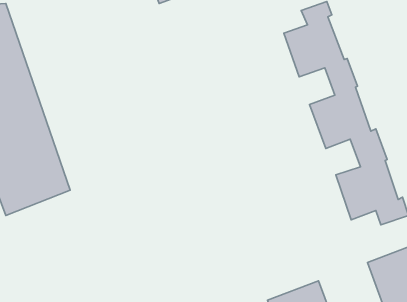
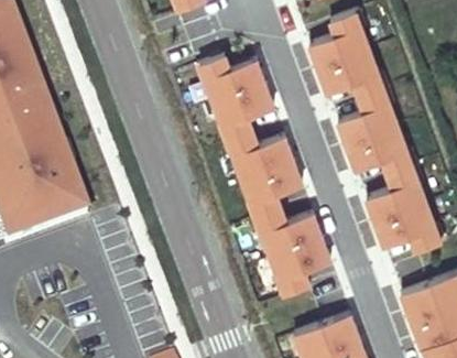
building: none -> [195,53,330,295]

